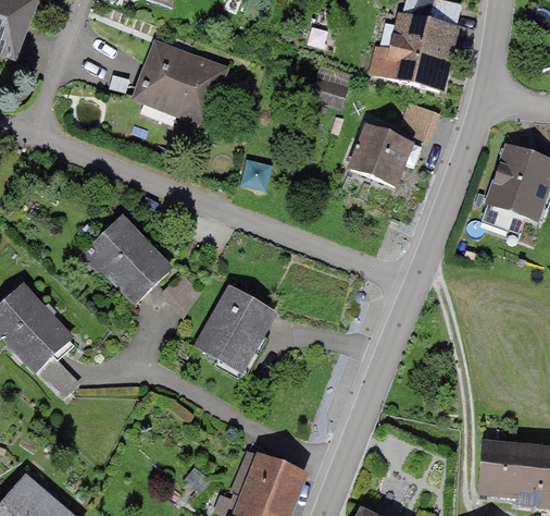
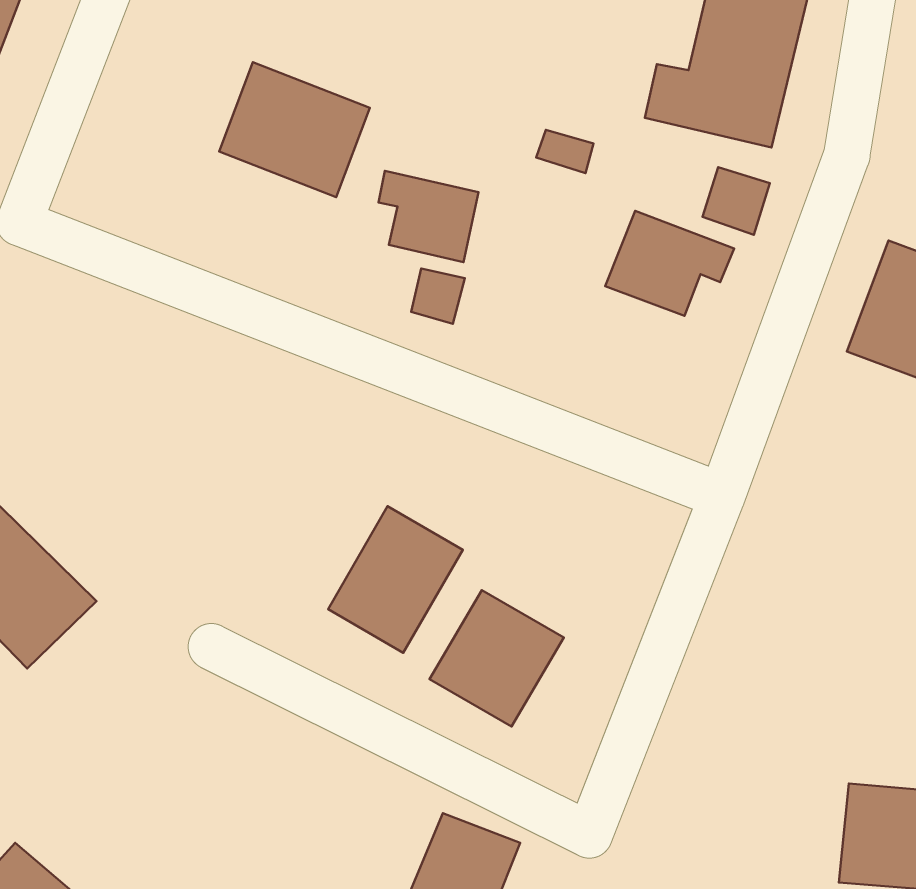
building: none -> [378,171,478,262]
building: [85,216,173,304] -> none
building: none -> [429,590,564,726]

